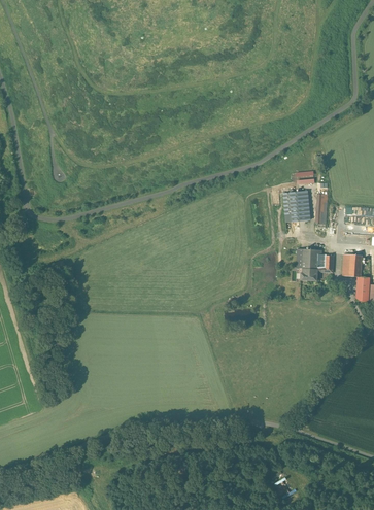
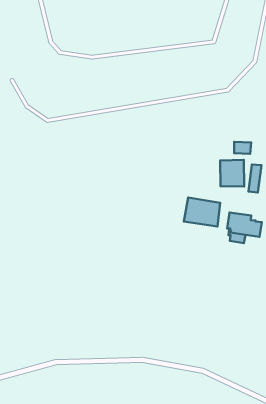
building: none -> [184,198,220,227]

